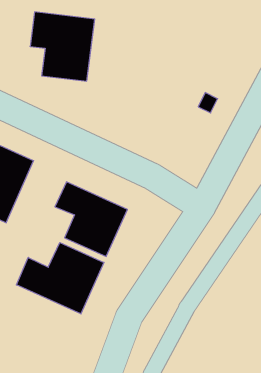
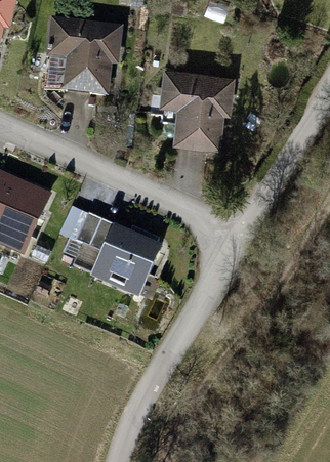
building: none -> [156,65,231,146]
building: [16,243,104,314] -> none

